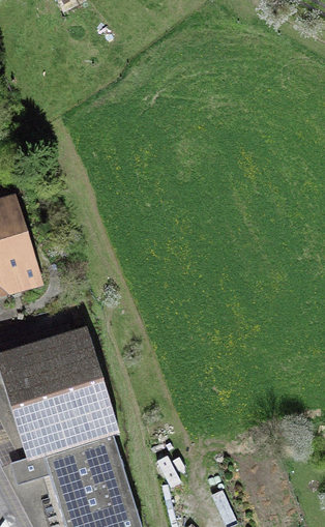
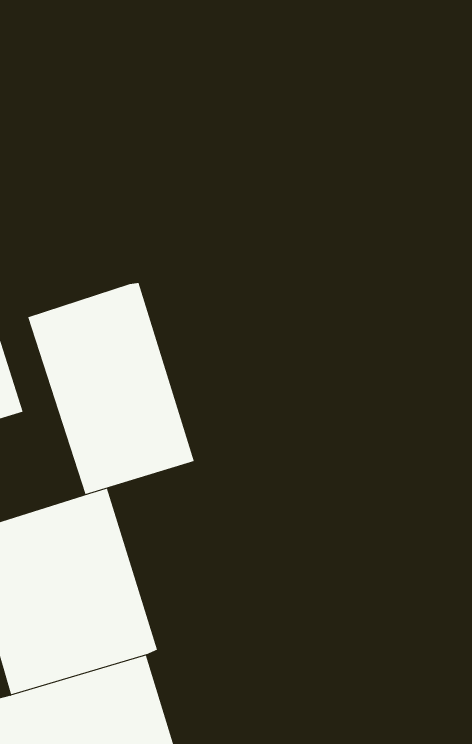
building: none -> [28,282,195,495]

